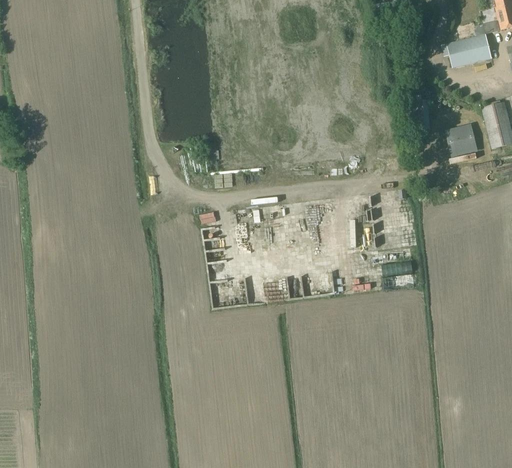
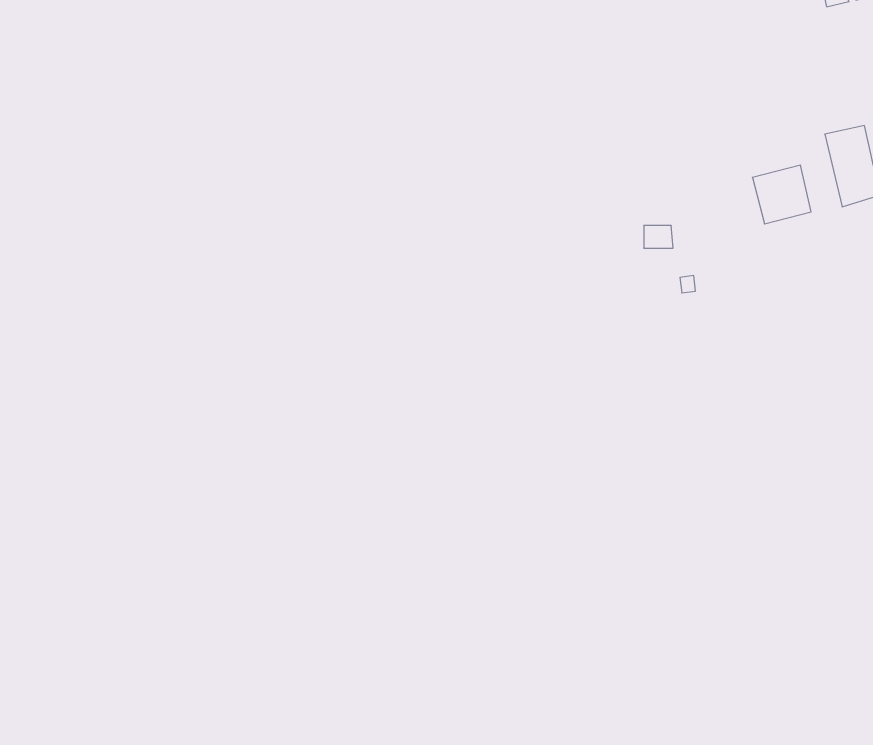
building: [448,34,493,67] -> none

